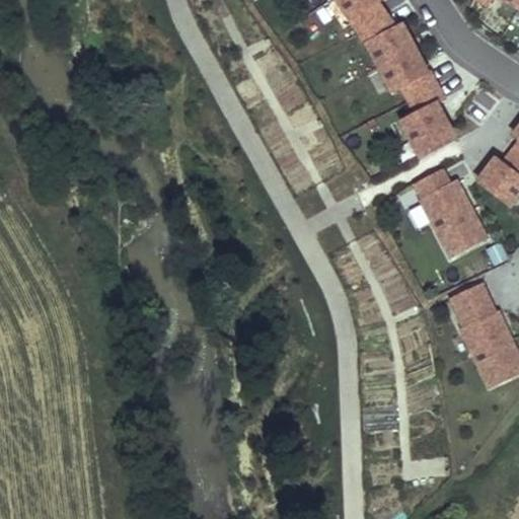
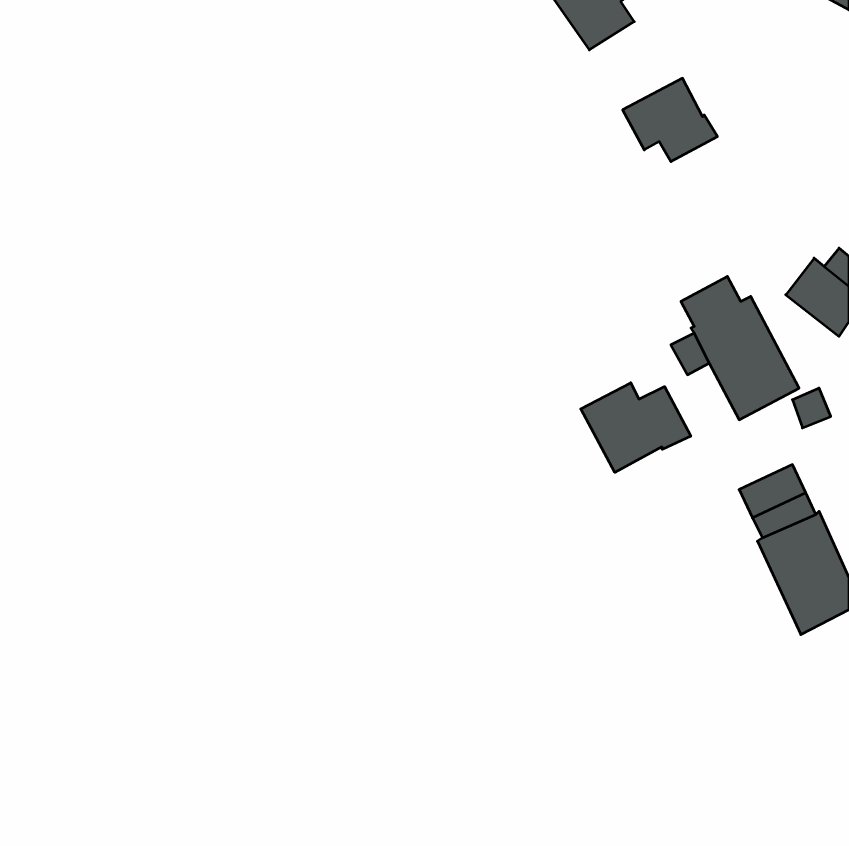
building: [359,13,416,67] -> none
building: [401,83,454,153] -> none
building: none -> [581,383,691,472]

